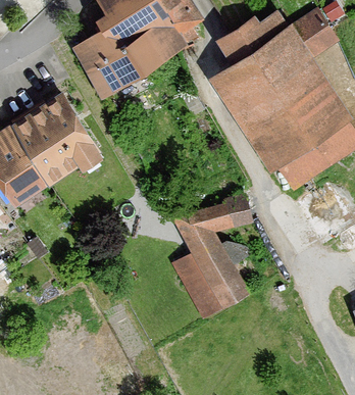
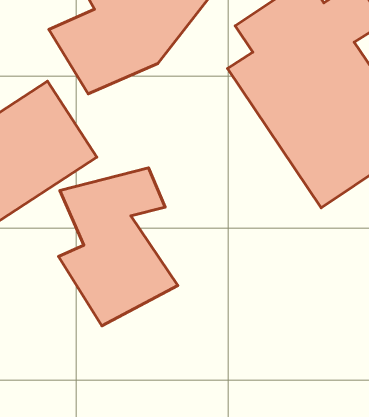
building: [166,192,262,319] -> [59,168,178,326]

